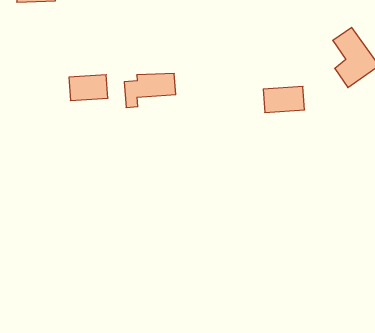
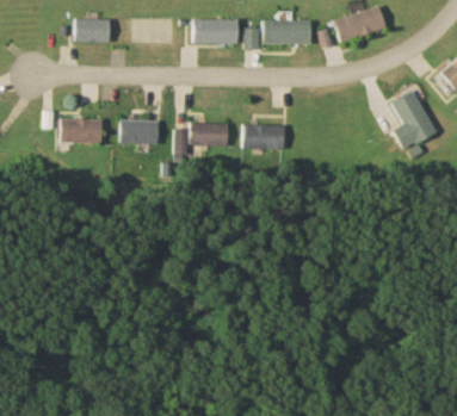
building: none -> [60,118,101,143]
building: [263,86,305,112] -> [243,125,284,149]

